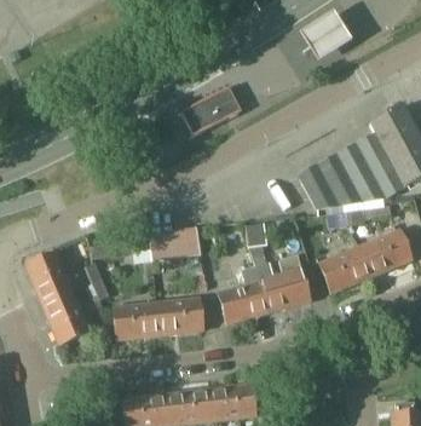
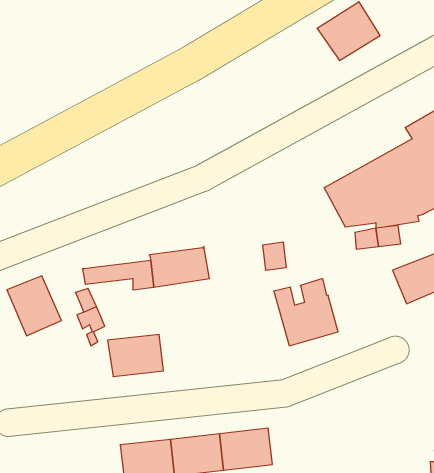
building: [180,86,242,137] -> none
building: [319,247,371,293] -> none
building: [219,265,270,323] -> none
building: [42,290,90,344] -> none
building: [157,297,203,334] -> none

